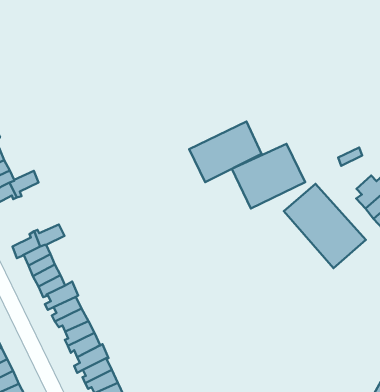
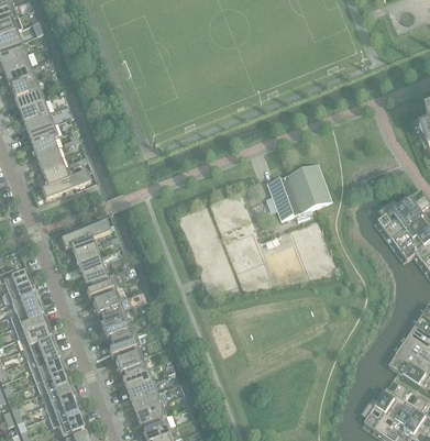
building: [189,122,262,182] -> none
building: [284,184,366,268] -> none

